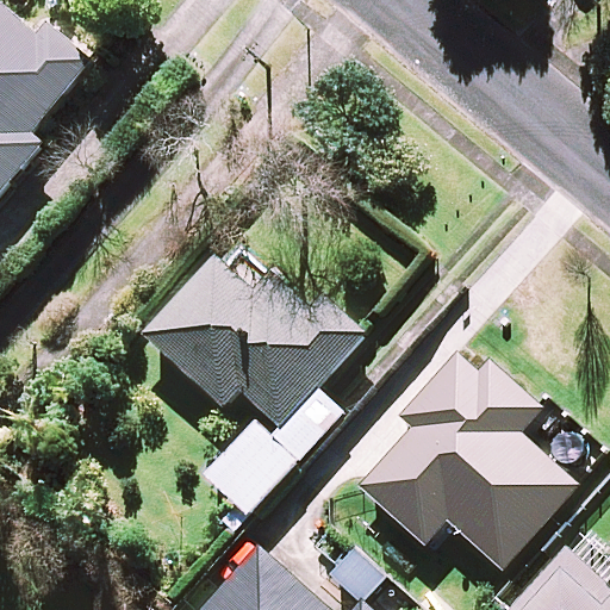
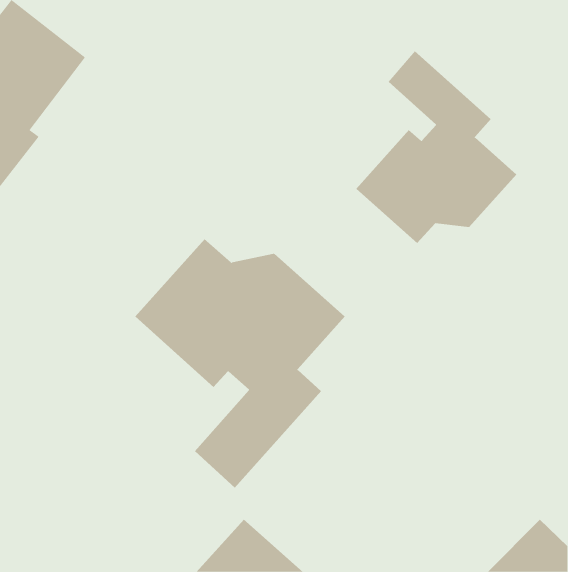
building: none -> [356,51,517,244]
building: [359,353,575,569] -> none

